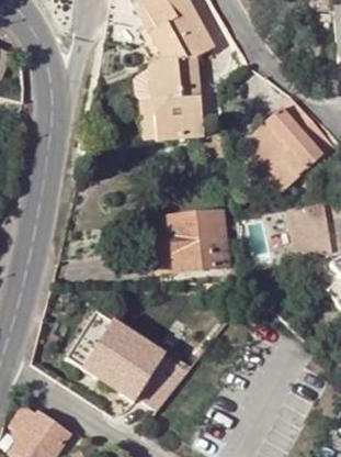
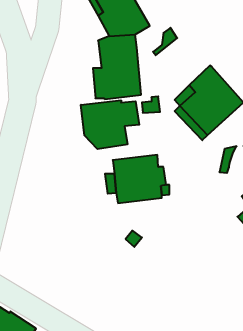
building: none -> [81,100,139,149]
building: [62,303,184,401] -> none

